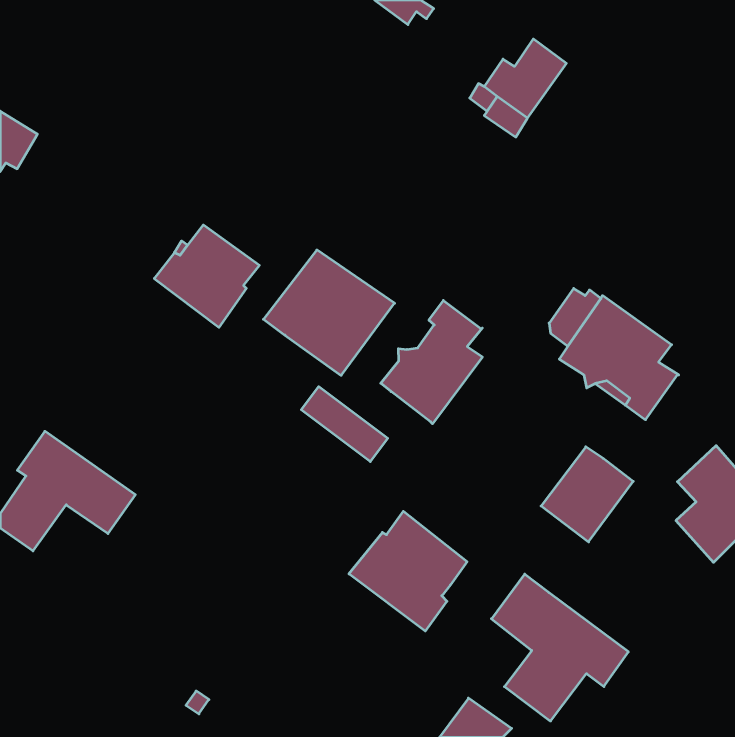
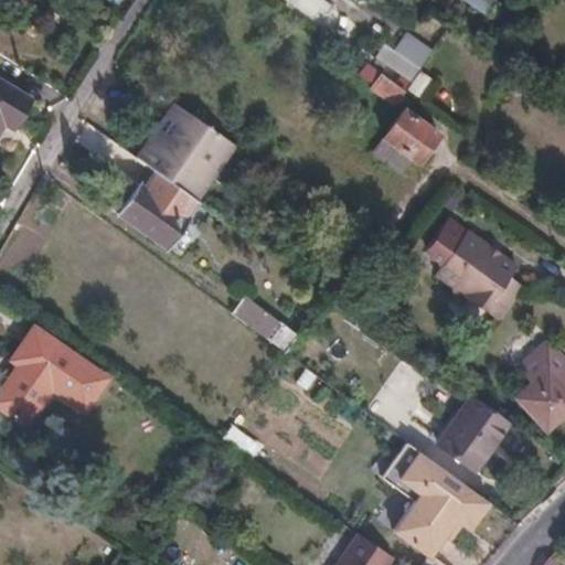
building: none -> [374,110,438,172]
building: [263,250,395,375] -> [140,107,241,203]
building: [381,300,482,424] -> none
building: [541,447,633,542] -> [439,397,510,470]
building: [349,511,467,631] -> none

